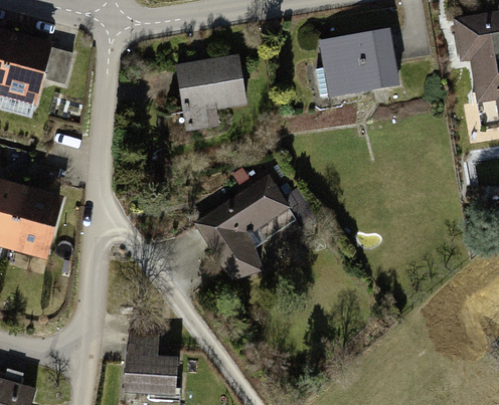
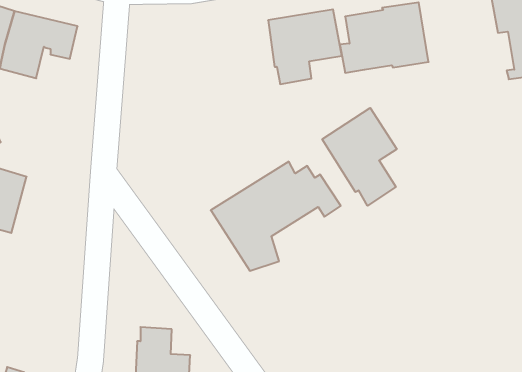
building: [177,57,245,127] -> [268,9,342,84]
building: none -> [322,108,397,206]
building: [11,191,59,252] -> none

